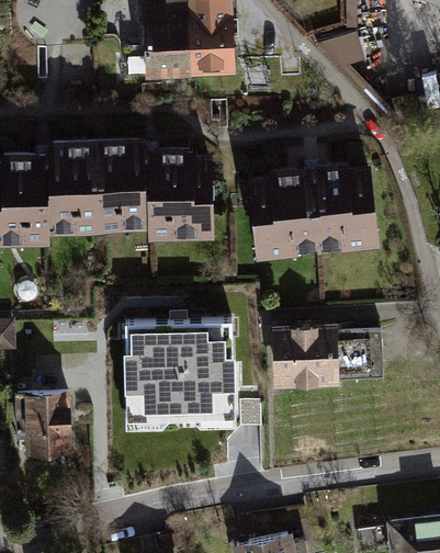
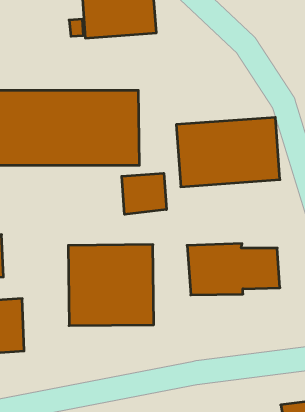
building: none -> [122,173,166,214]

